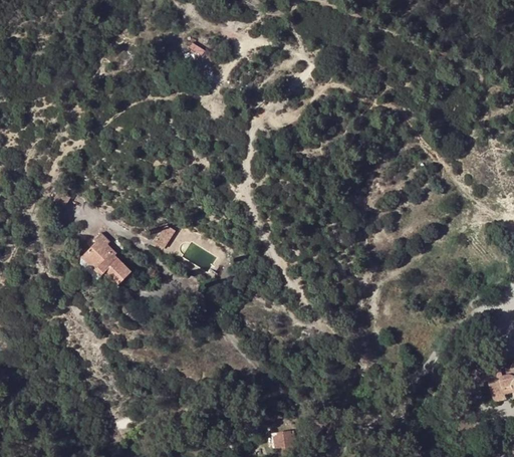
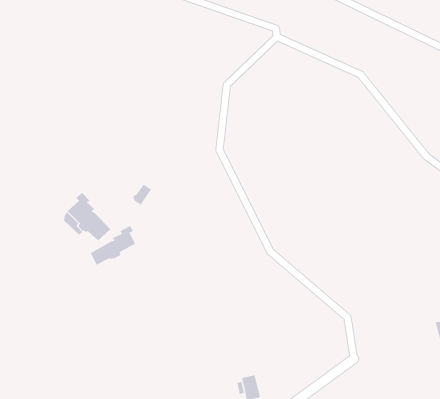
building: none -> [90,225,136,265]

